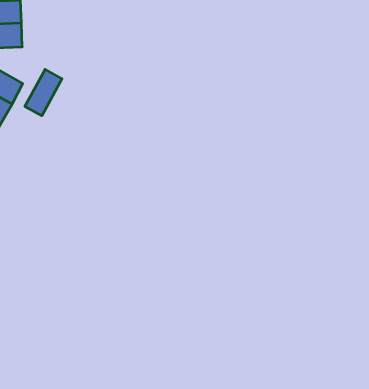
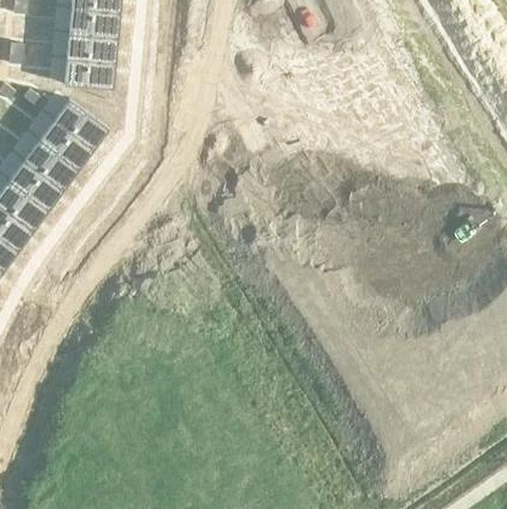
building: [25,69,62,116] -> none

